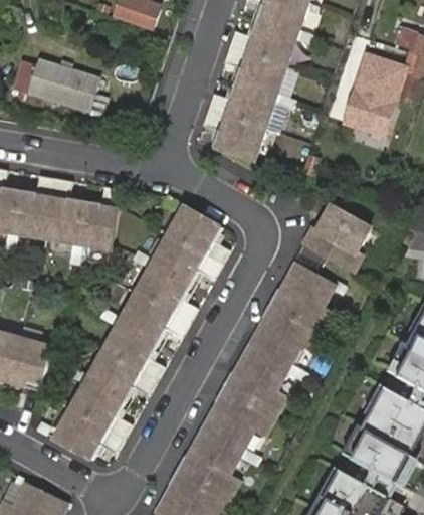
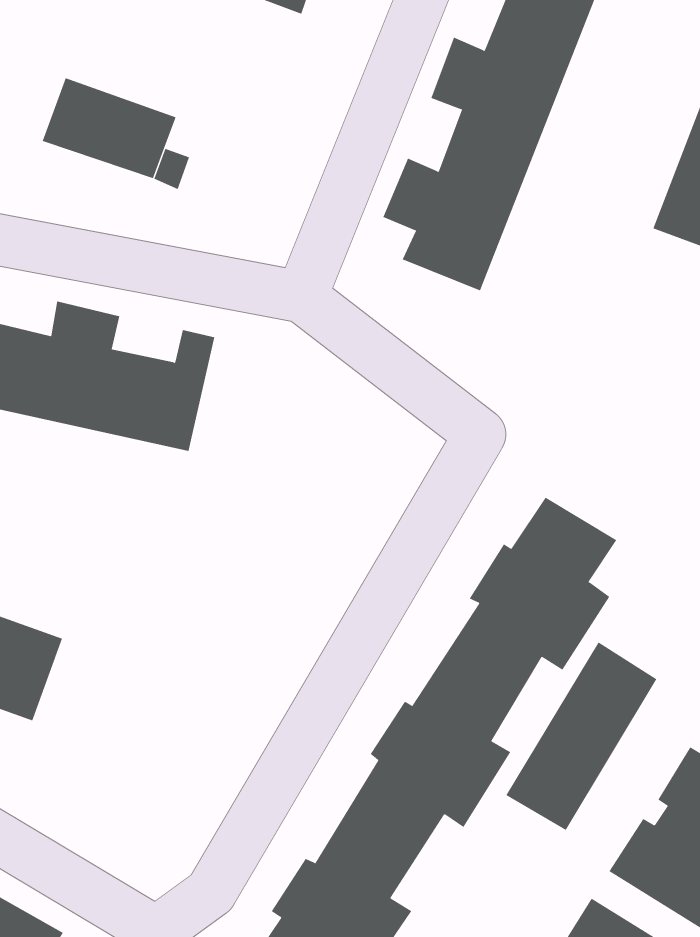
building: [300,204,367,269] -> none
building: [54,205,227,459] -> none
building: none -> [506,642,657,831]

